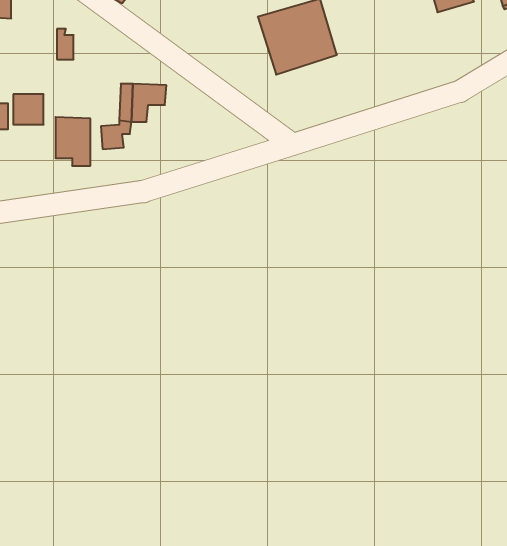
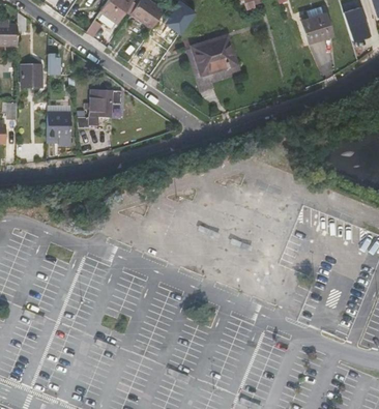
building: [13,94,44,125] -> [21,66,41,87]

